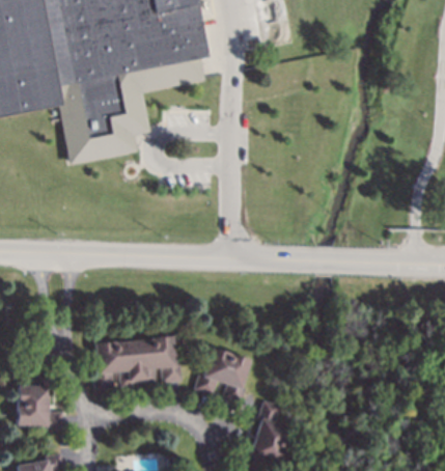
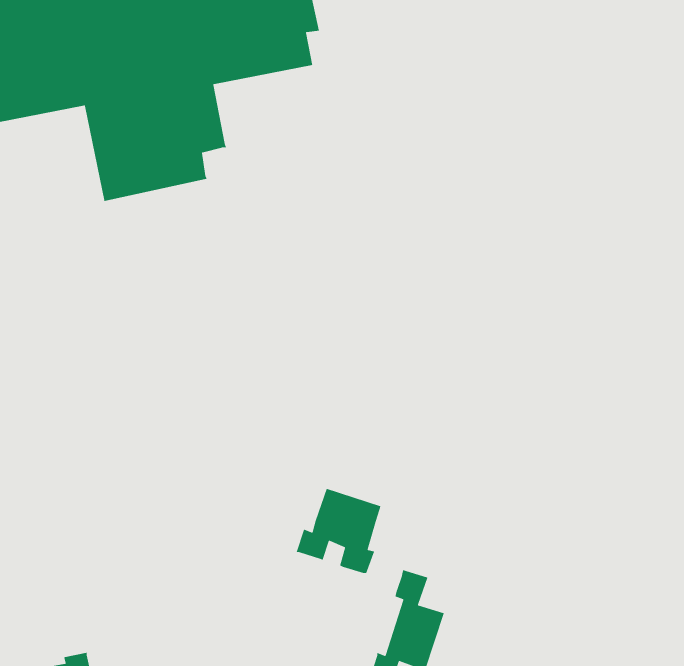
building: [93,335,180,388] -> none
building: [17,370,63,430] -> none

